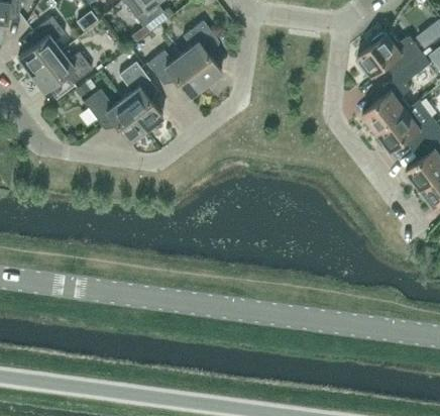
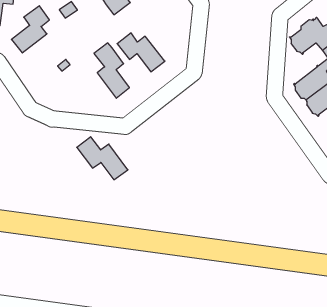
building: [181,20,221,84] -> none
building: [30,50,92,91] -> none
building: [83,89,145,141] -> [77,137,128,180]

